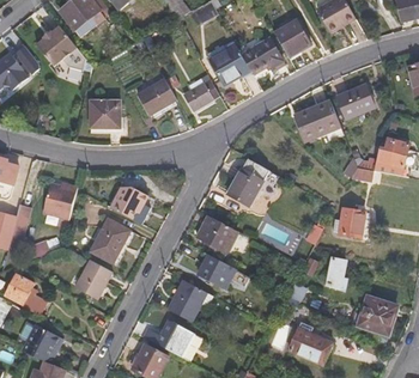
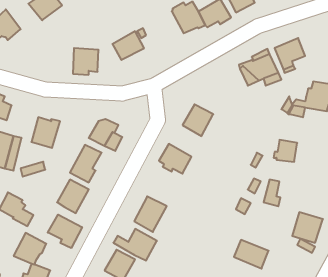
building: [186,79,223,110] -> none
building: [196,252,235,286] -> none
building: none -> [48,215,82,248]

